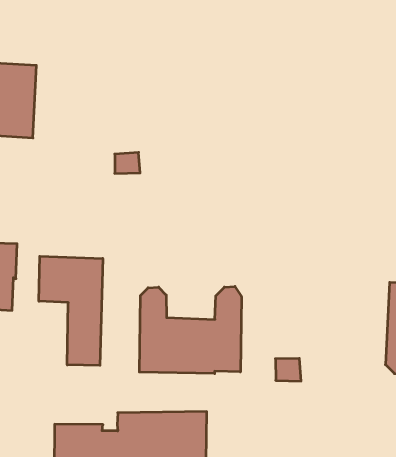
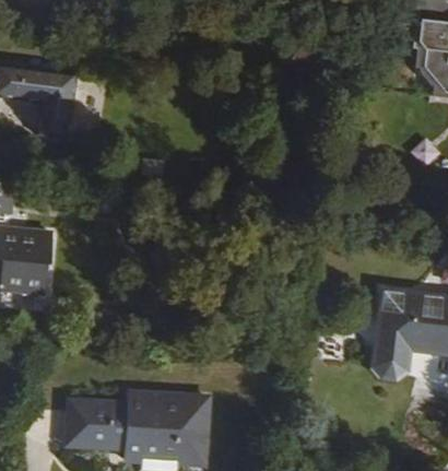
building: [39,256,103,365] -> none
building: [139,286,241,374] -> none

